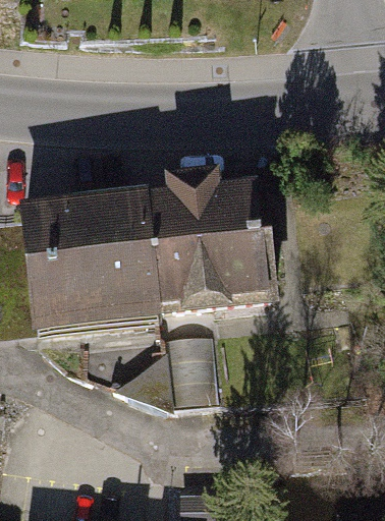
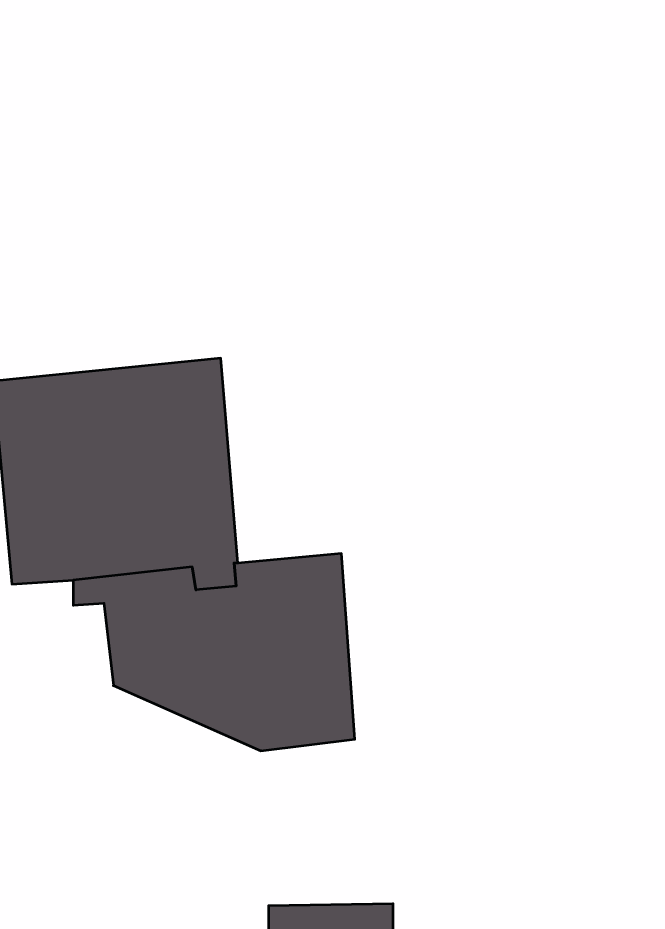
building: [139,170,266,302] -> none

